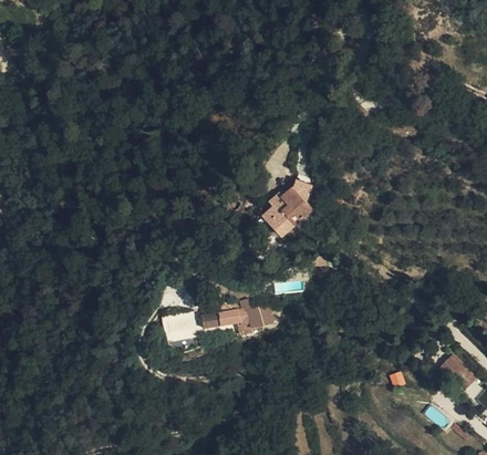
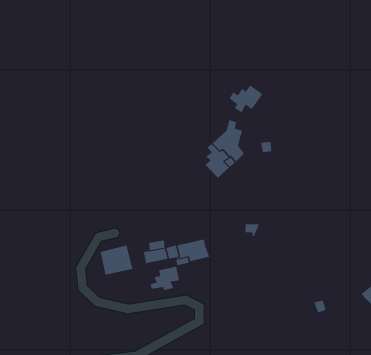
building: none -> [229,84,263,113]
building: none -> [150,266,180,291]

